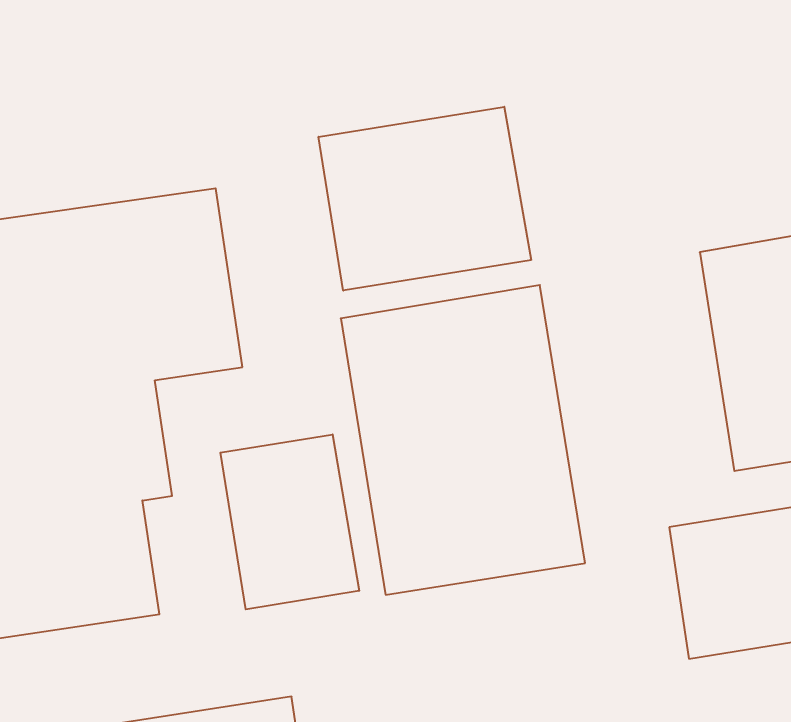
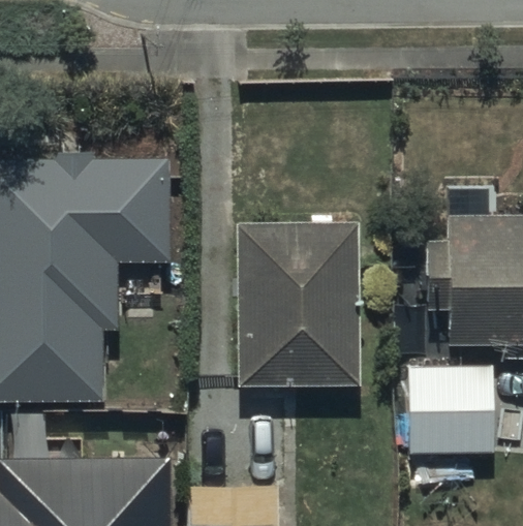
building: [319,107,531,291] -> none
building: [220,434,359,609] -> none

